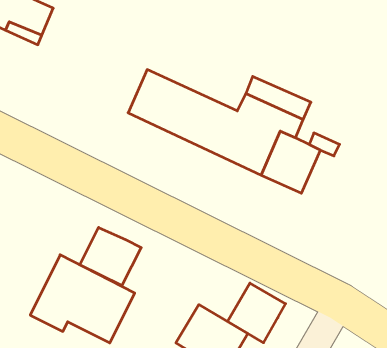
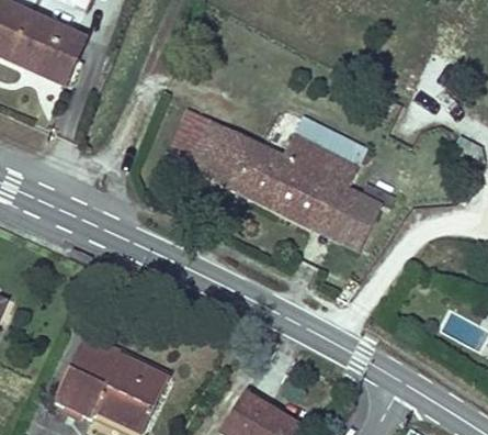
building: [80,227,141,286] -> none
building: [227,283,286,343] -> none

